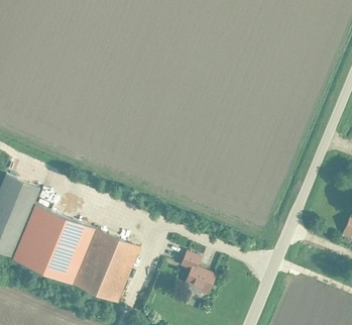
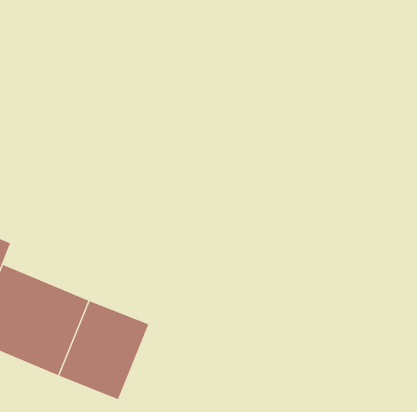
building: [181,252,215,296] -> none

